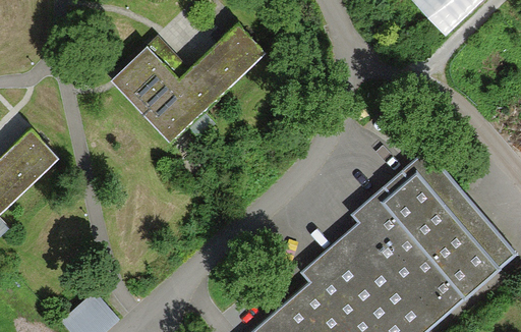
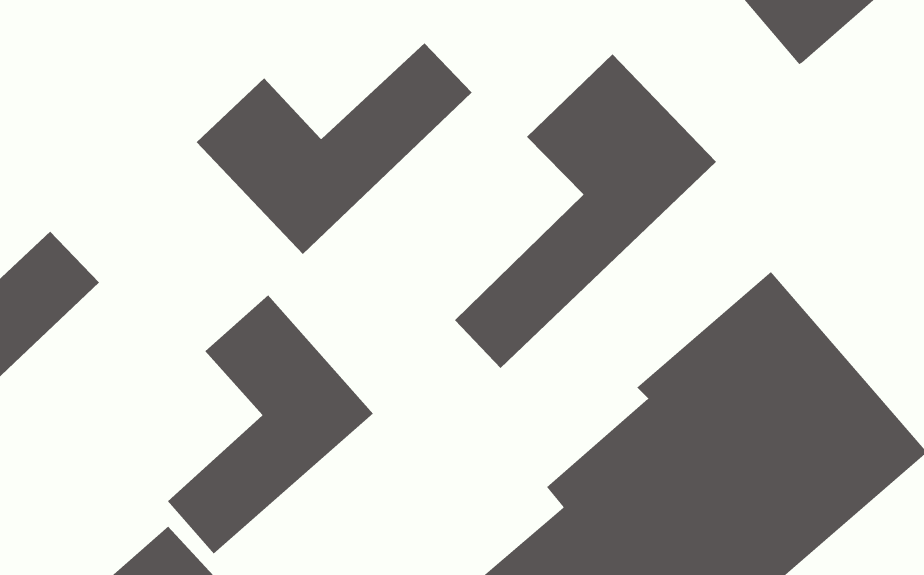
building: none -> [454,54,717,369]
building: none -> [167,294,374,555]

